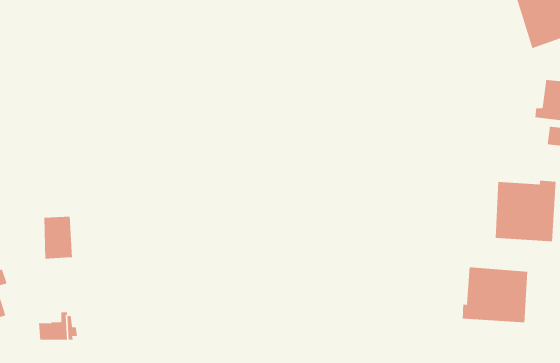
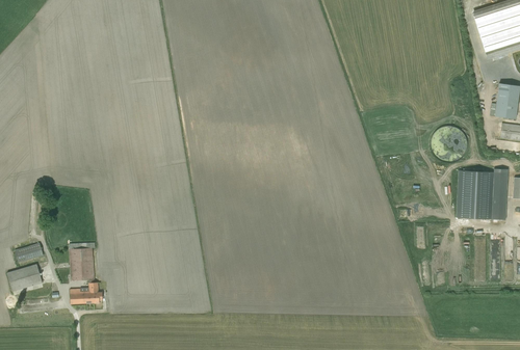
building: [43,216,73,259] -> [71,244,96,280]
building: [462,267,528,323] -> none

